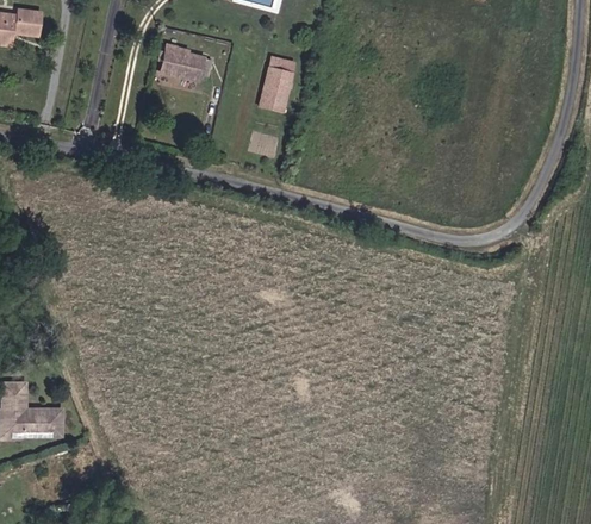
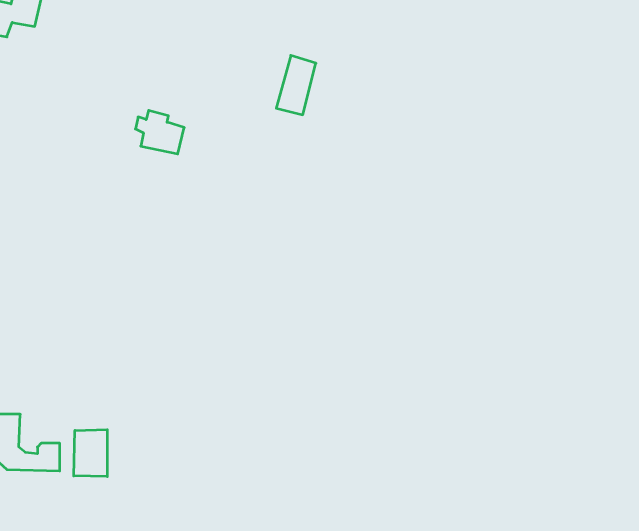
building: [158,40,203,80] -> [135,110,184,154]
building: none -> [74,430,107,477]

